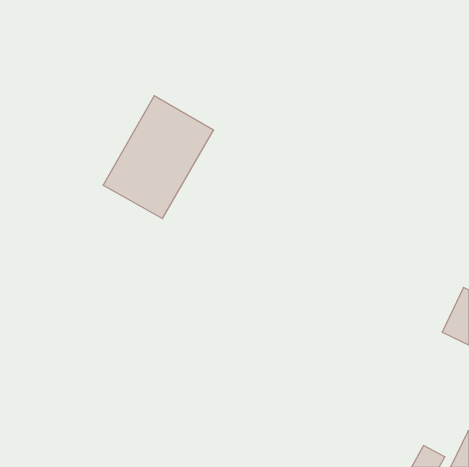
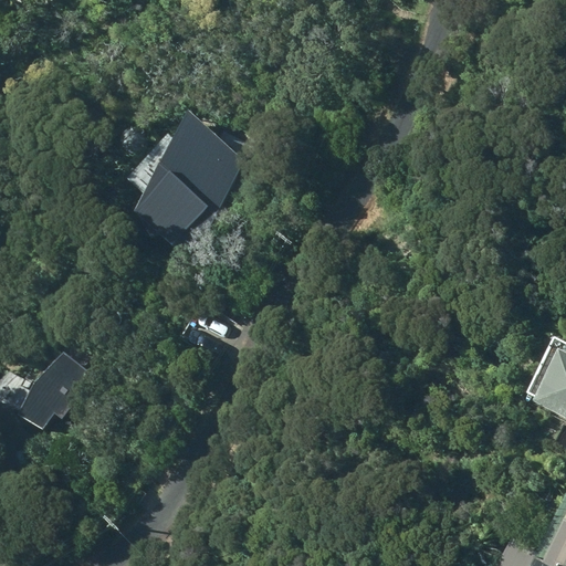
building: none -> [19,346,94,422]

